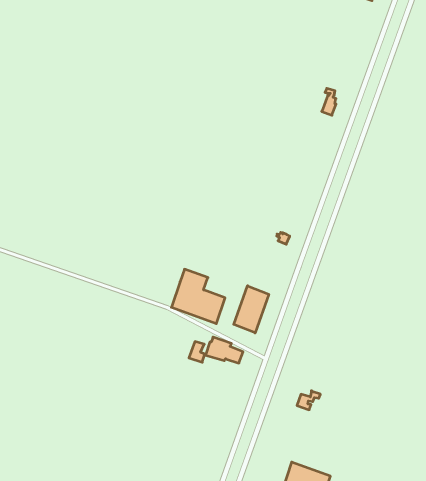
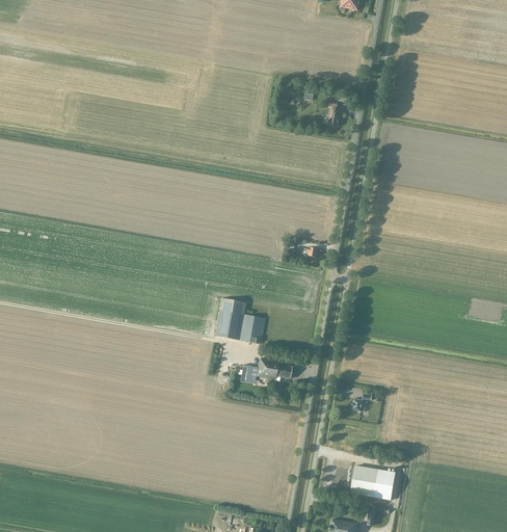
building: [234,286,269,333] -> none

